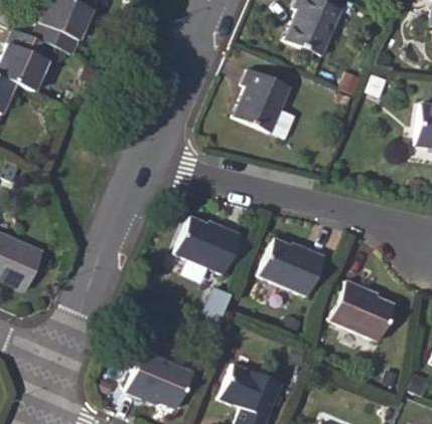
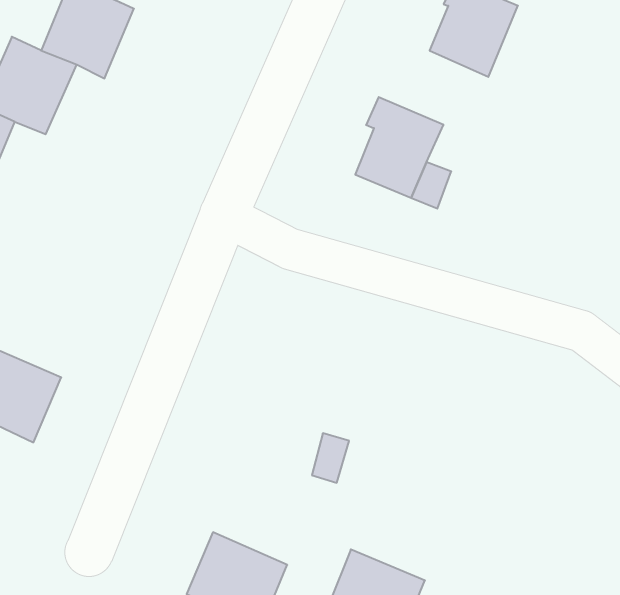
building: [175,216,242,273] -> none
building: [259,239,325,296] -> none
building: [330,279,395,342] -> none

